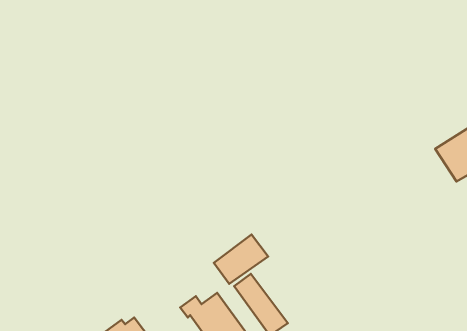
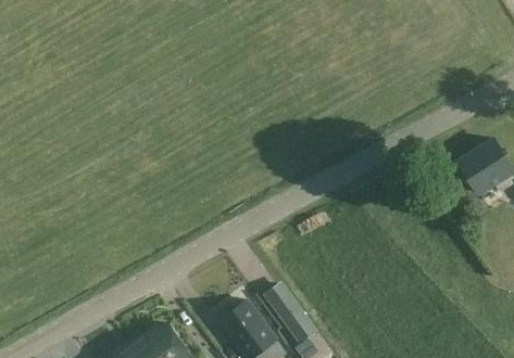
building: [214,235,268,284] -> none

